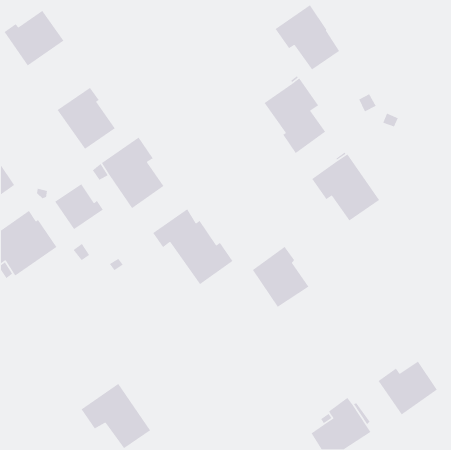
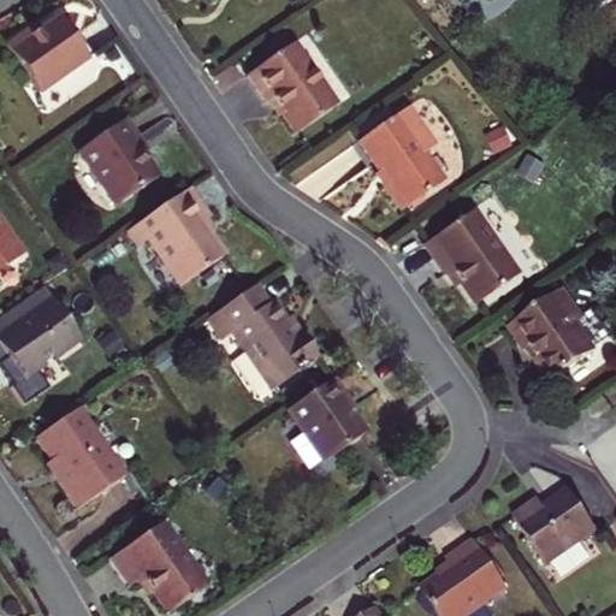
building: [275,4,340,70] -> [248,40,337,130]
building: [54,183,104,230] -> none
building: none -> [510,289,596,381]
building: [252,246,309,308] -> [289,375,367,460]
building: none -> [36,405,128,507]

